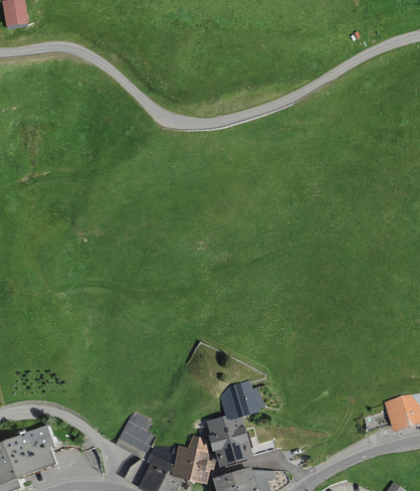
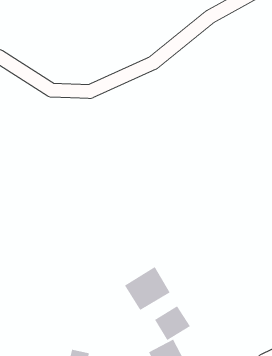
building: none -> [124,266,170,311]

